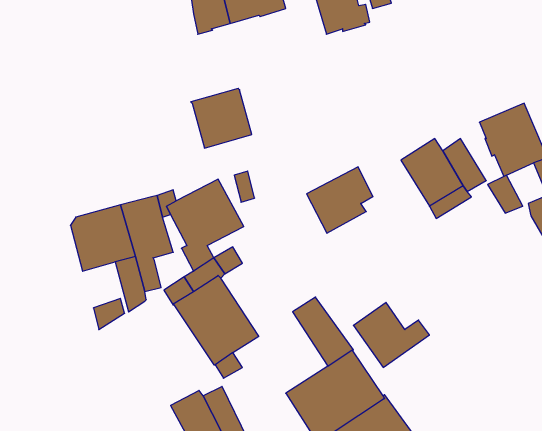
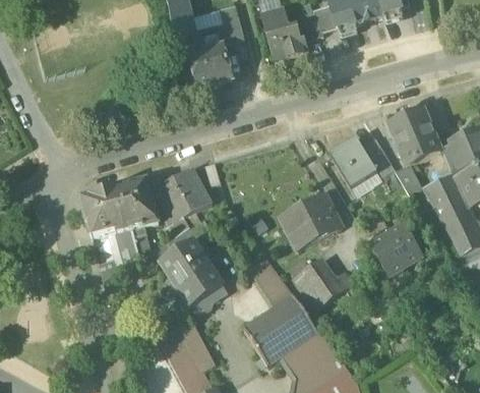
building: [191,88,252,148] -> [188,43,234,88]
building: [307,167,373,233] -> [286,198,336,247]
building: none -> [371,223,421,273]

